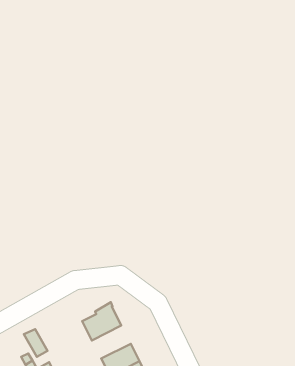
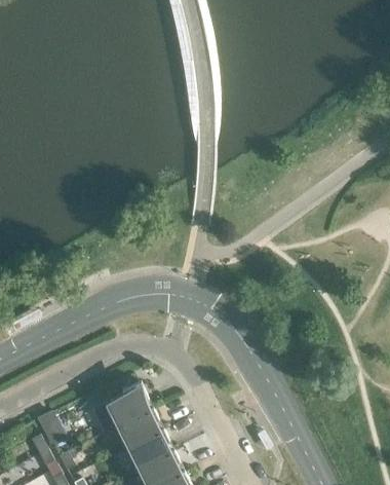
building: none -> [117,410,163,449]

